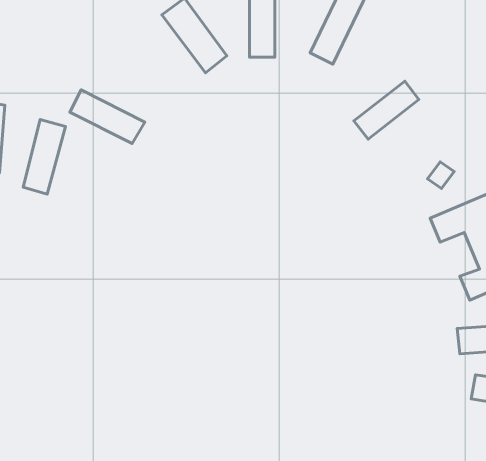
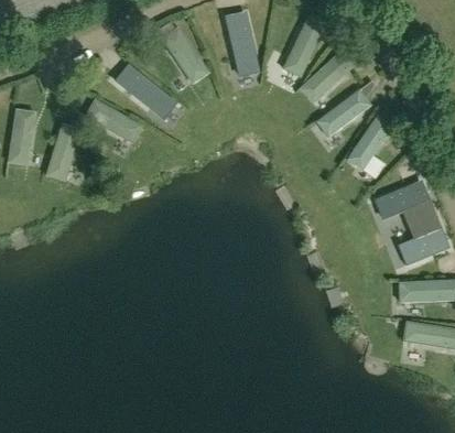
building: none -> [297,50,355,105]
building: none -> [120,65,174,111]
building: none -> [344,119,388,173]

